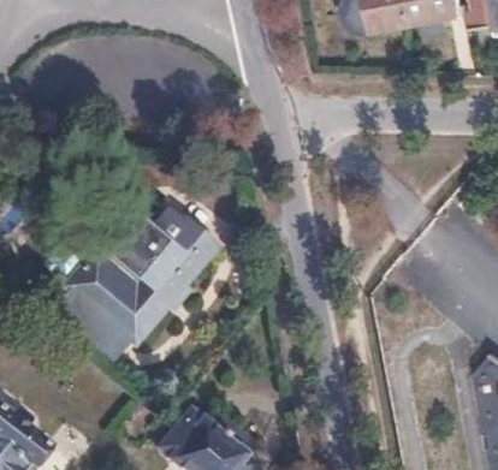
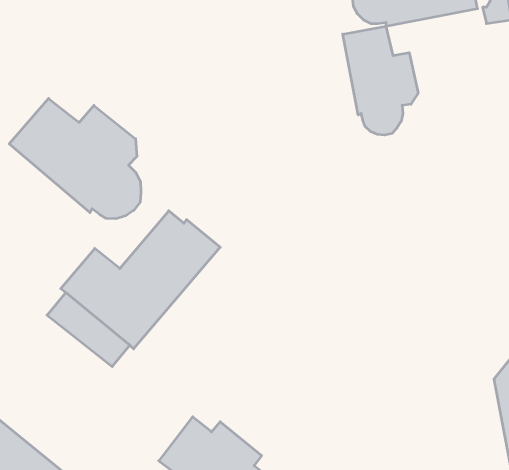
building: none -> [343,26,418,135]
building: none -> [9,98,141,219]

